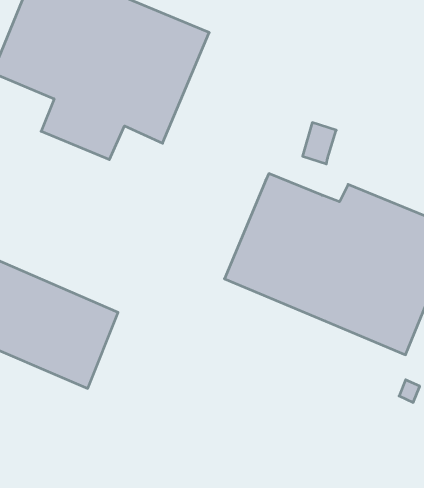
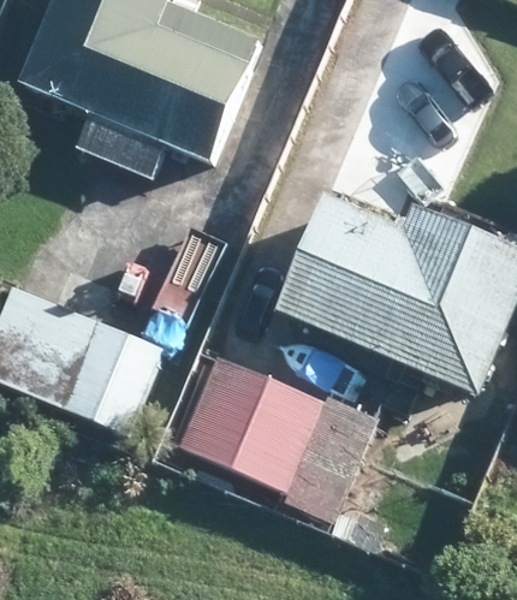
building: none -> [177,355,373,517]

